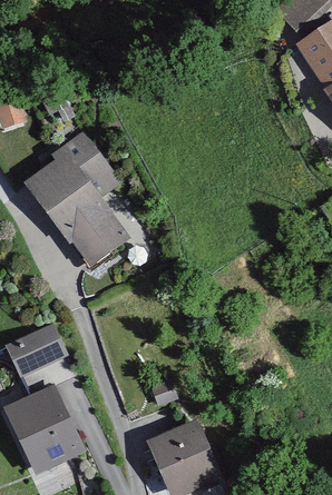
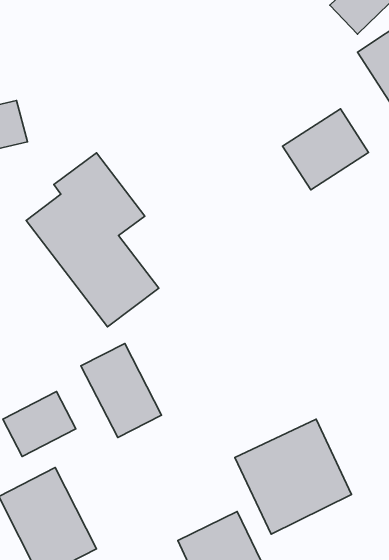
building: none -> [283,109,369,190]
building: none -> [81,344,162,438]
building: none -> [235,419,351,534]

